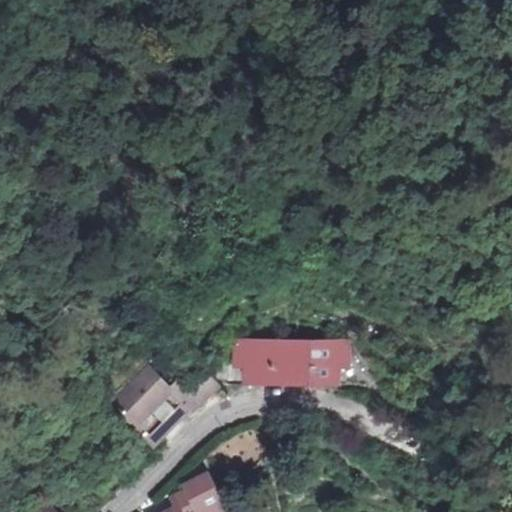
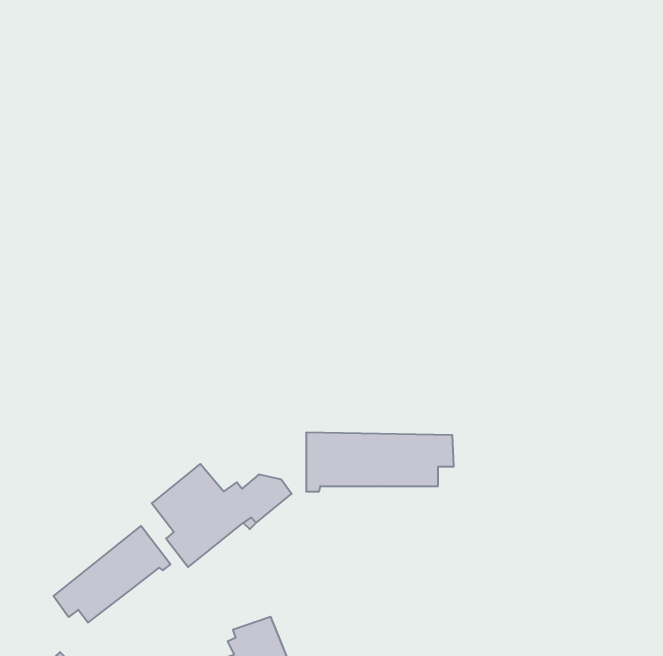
building: none -> [54,526,171,623]

